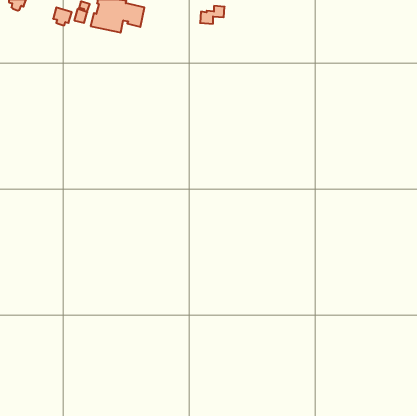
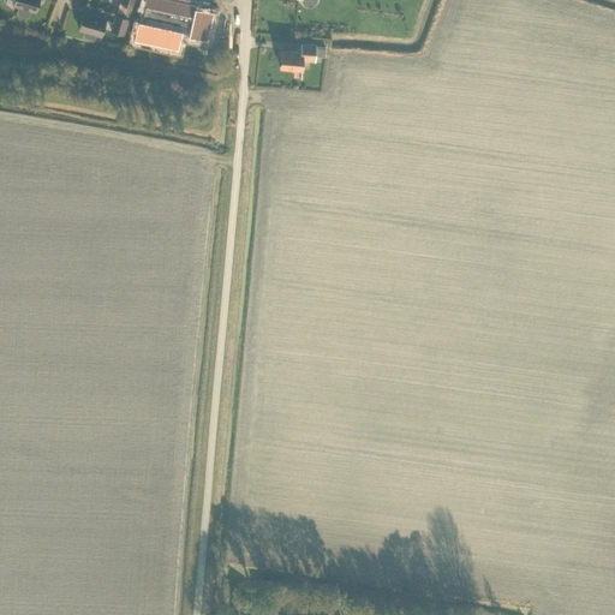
building: [200,6,225,24] -> [280,42,316,68]

